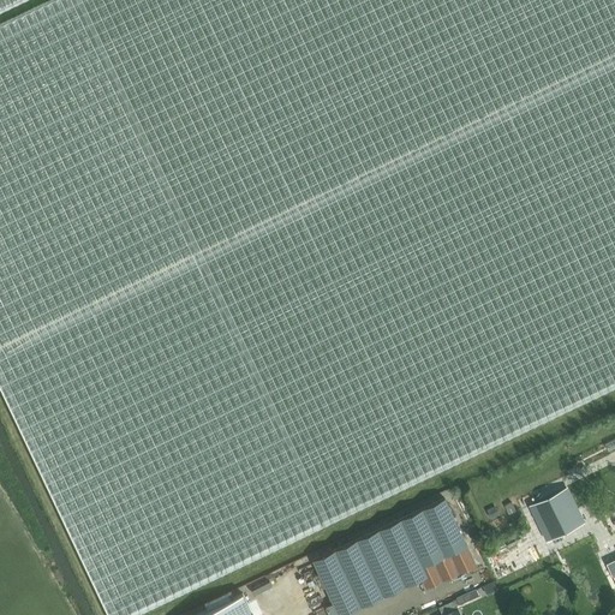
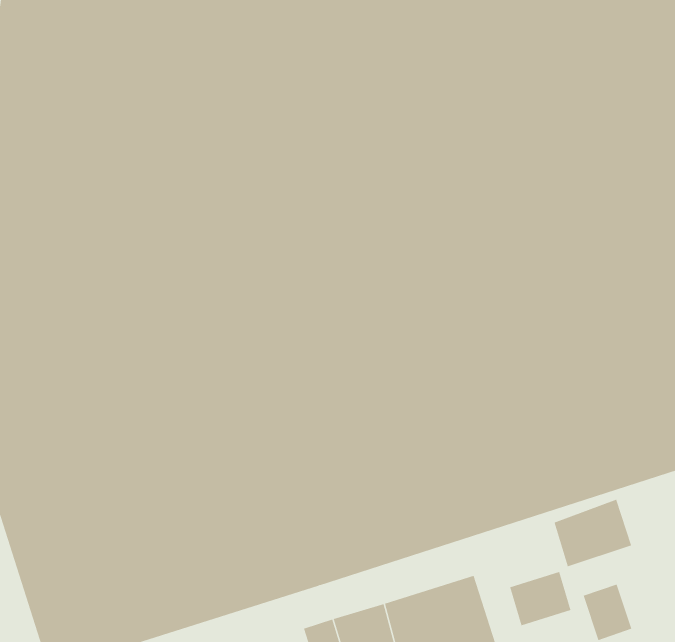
building: none -> [554,499,632,567]
building: none -> [510,571,571,626]

